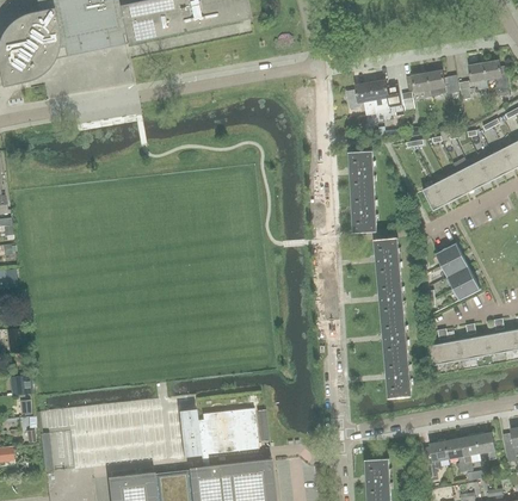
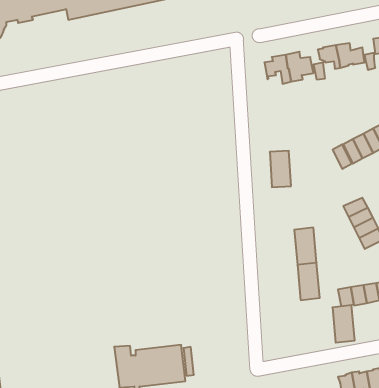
building: [350,151,372,192] -> none
building: [375,239,400,279] -> none
building: [386,355,411,397] -> [332,305,355,343]

